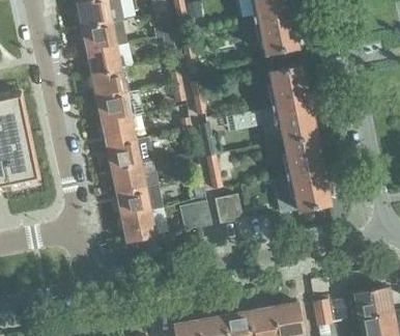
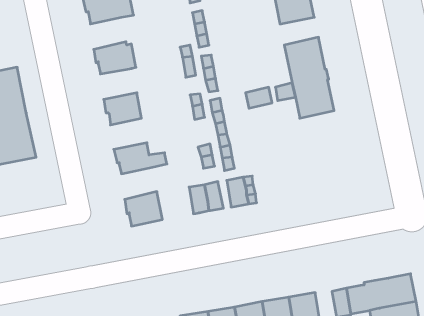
building: [87,45,133,77] -> none
building: [96,94,131,123] -> none
building: [275,134,330,209] -> none
building: [106,138,153,170] -> none
building: [116,184,164,217] -> none

